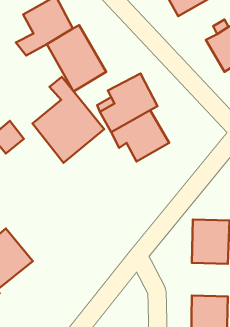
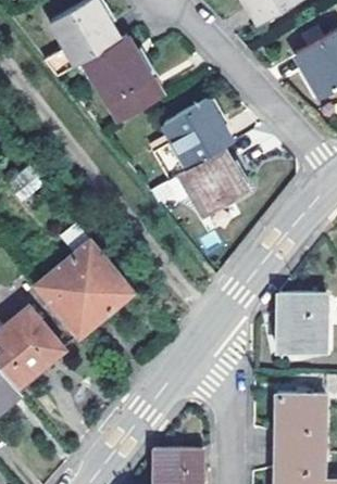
building: [33,77,104,163] -> [37,222,133,336]

